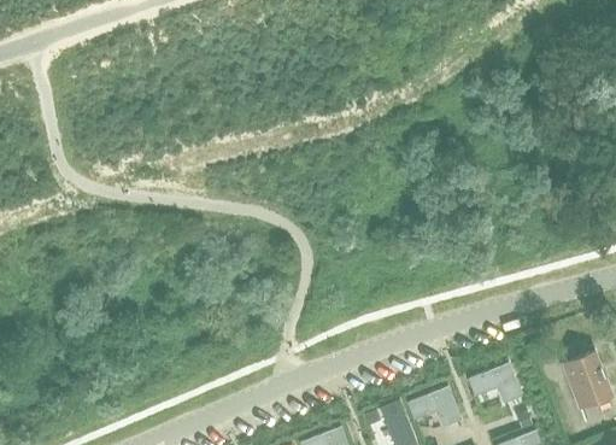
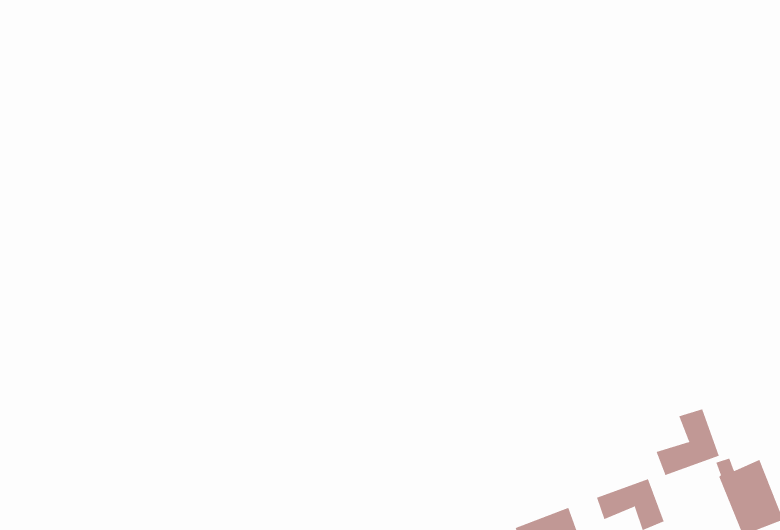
building: none -> [656,409,720,476]

